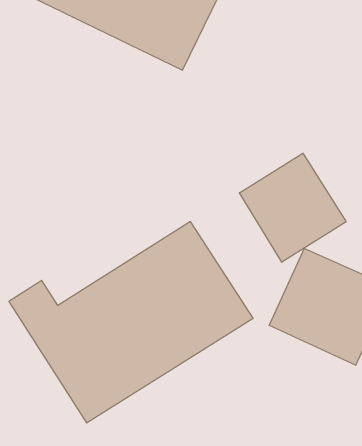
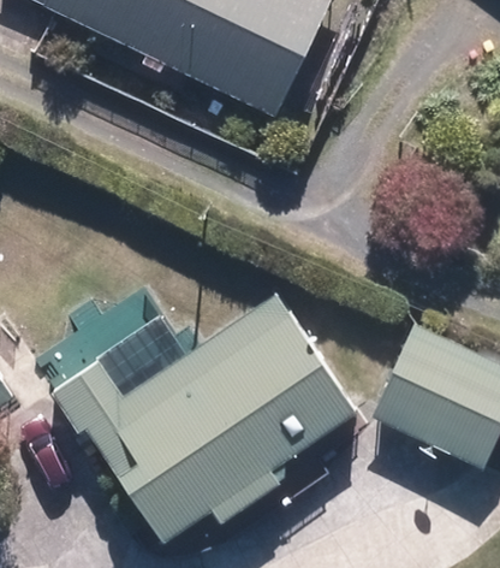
building: [239,153,346,262] -> none

